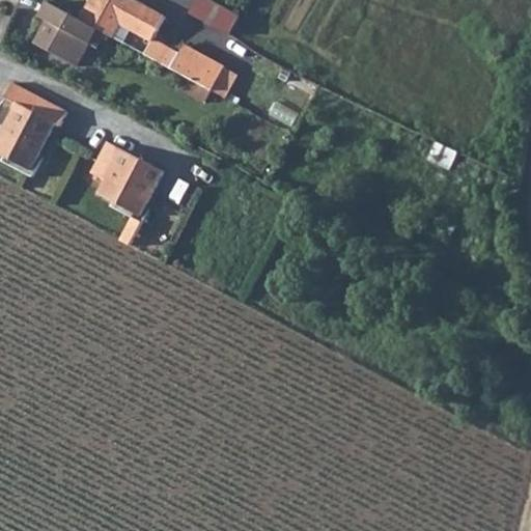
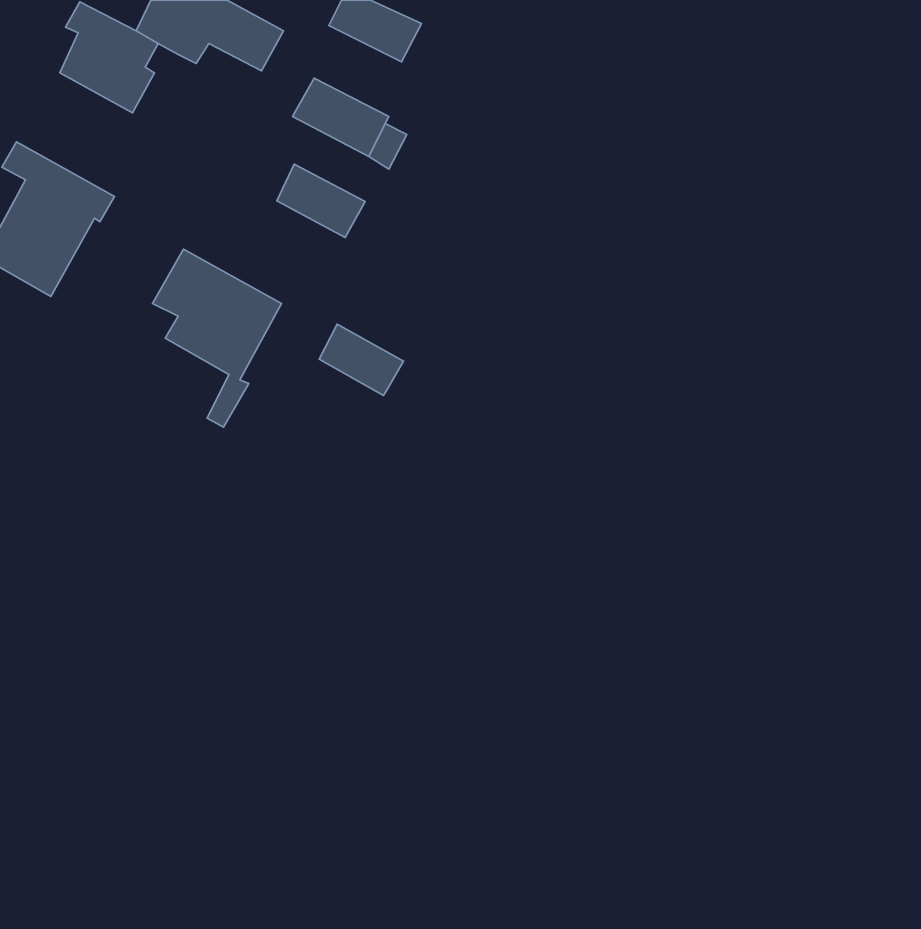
building: none -> [277,164,365,237]
building: none -> [319,324,404,396]

